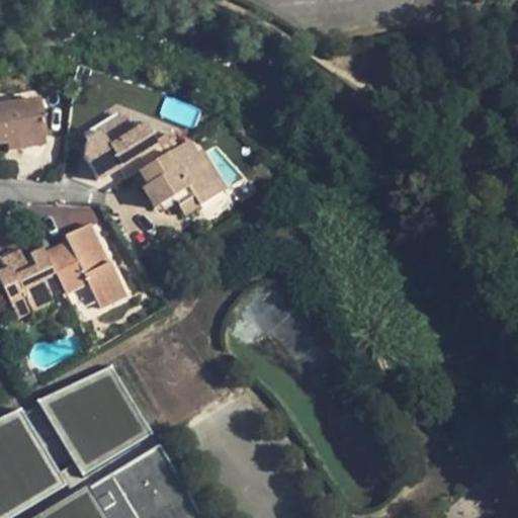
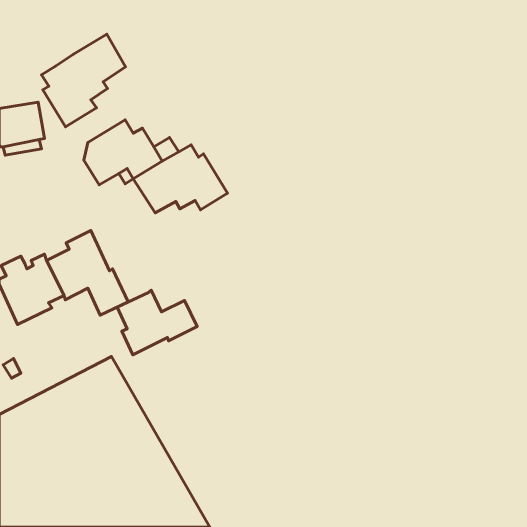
building: none -> [41,34,126,127]
building: none -> [117,290,197,355]

